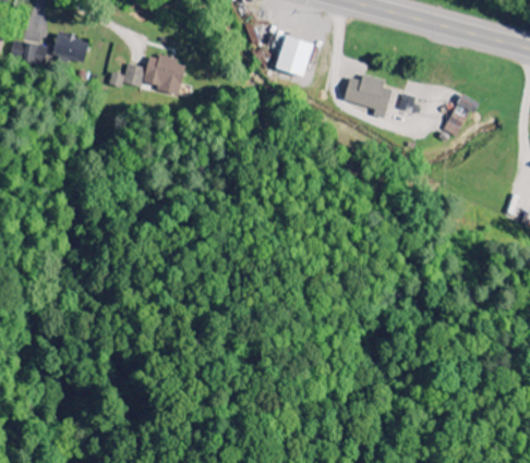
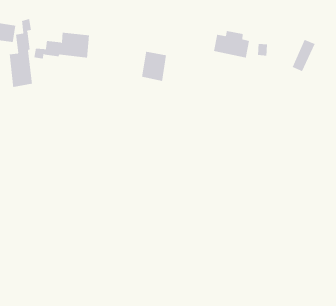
building: none -> [9,18,32,88]
building: [276,35,312,76] -> [141,51,167,81]

